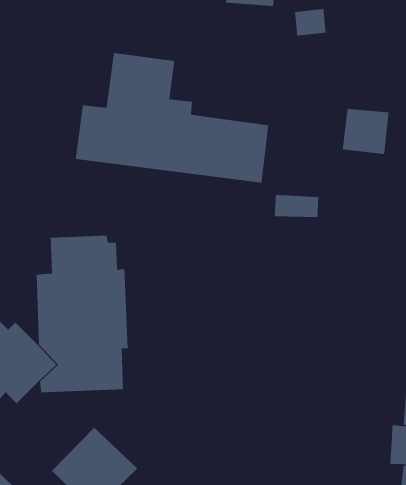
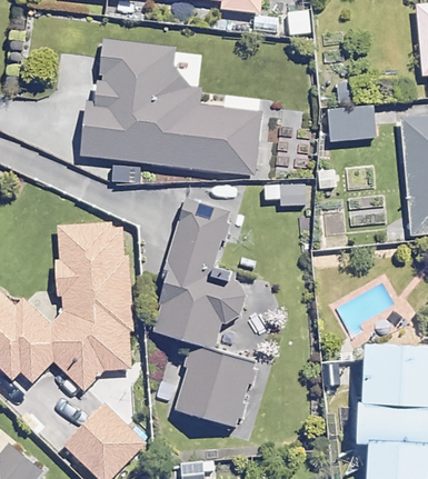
building: none -> [149,197,250,433]

